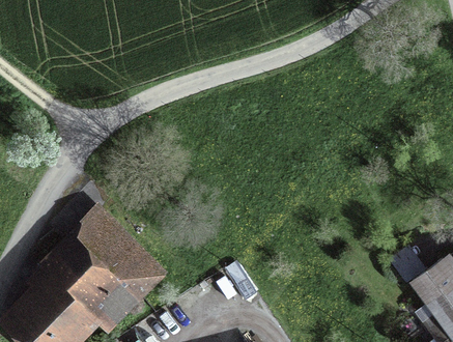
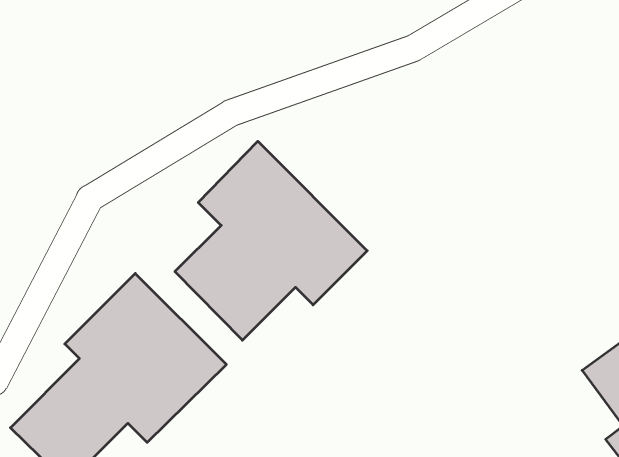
building: none -> [175,141,367,340]

